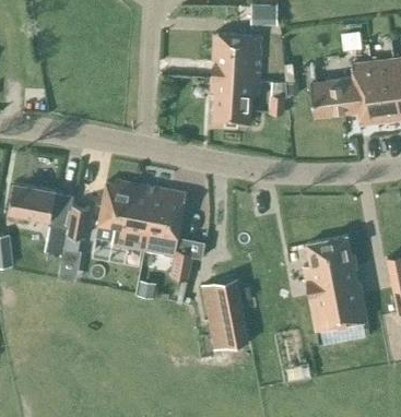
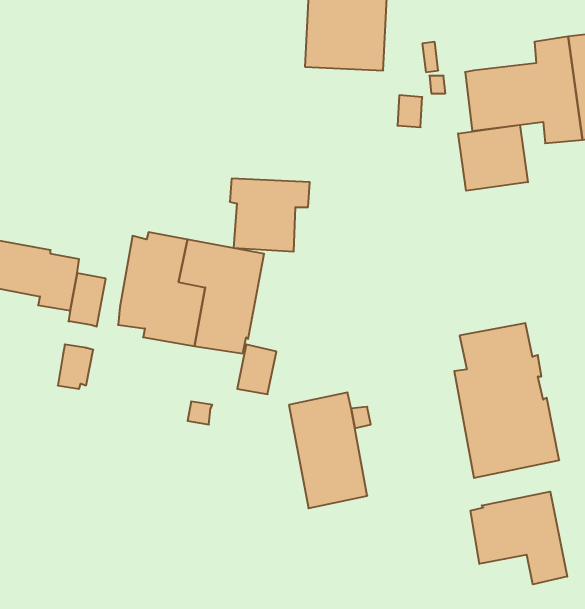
building: [210,78,259,122] -> [230,179,310,252]
building: none -> [458,125,528,191]
building: none -> [470,492,567,584]

